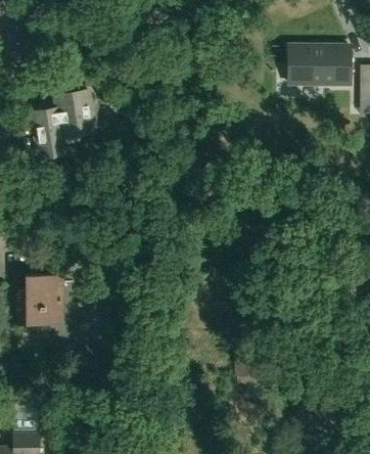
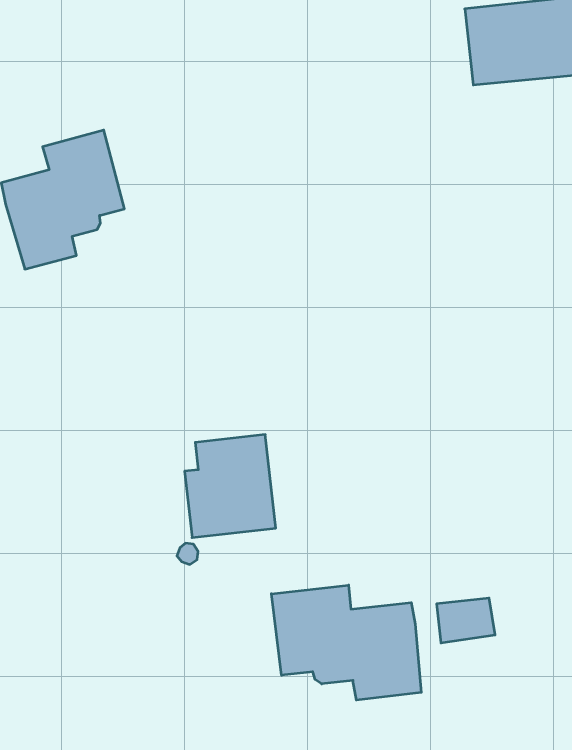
building: [20,275,64,324] -> [185,435,276,538]
building: none -> [271,585,421,700]

